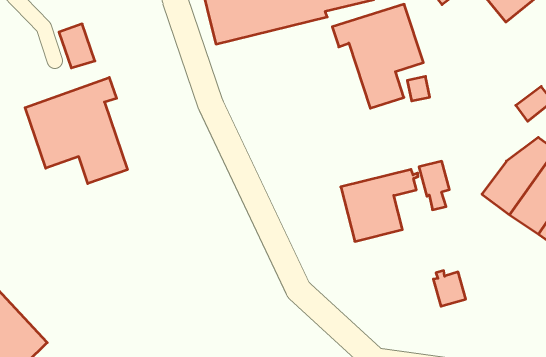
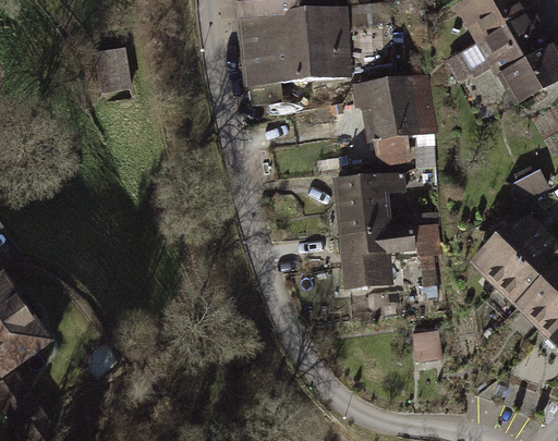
building: [25,77,127,184] -> none
building: none -> [335,174,403,234]

